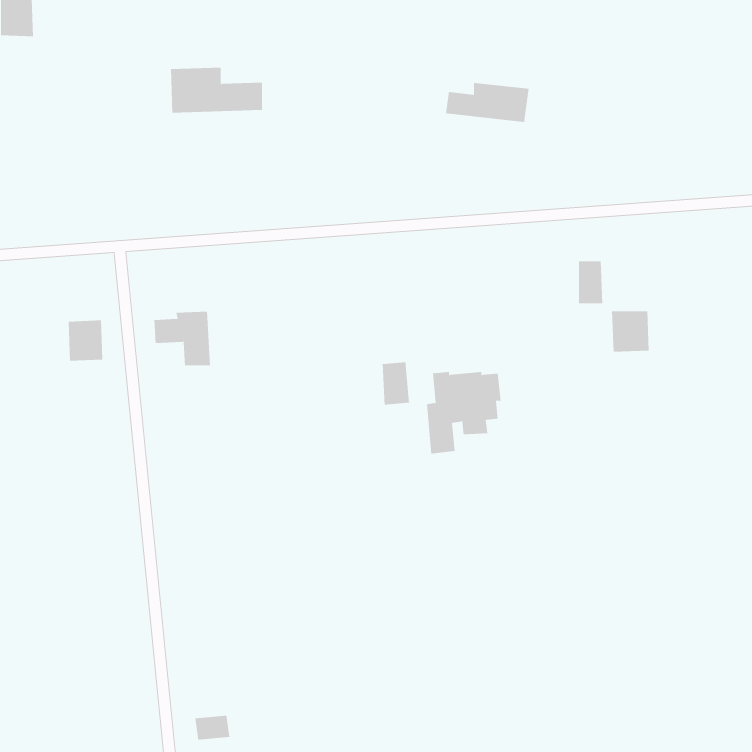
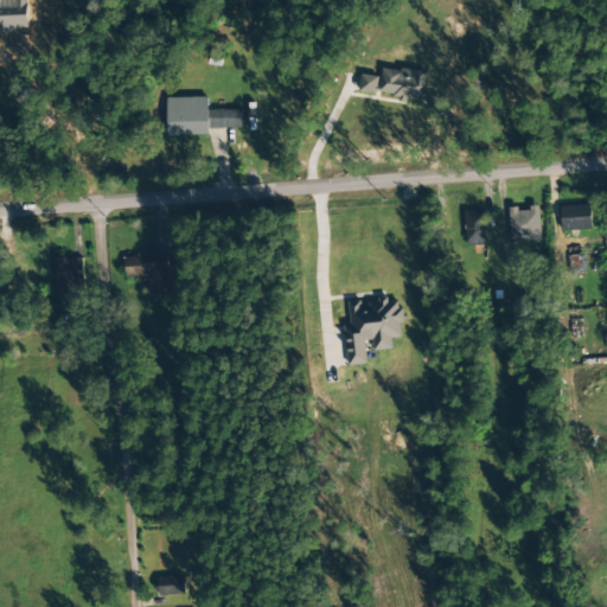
building: [170,67,263,113] -> [167,96,242,133]
building: none -> [558,203,593,231]
building: [611,311,650,352] -> [510,207,541,241]
building: [382,361,409,405] -> none

